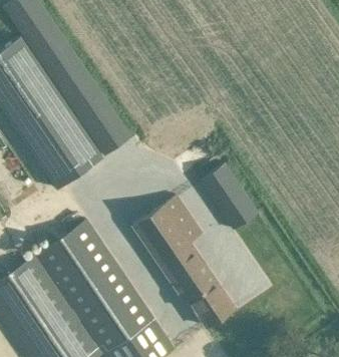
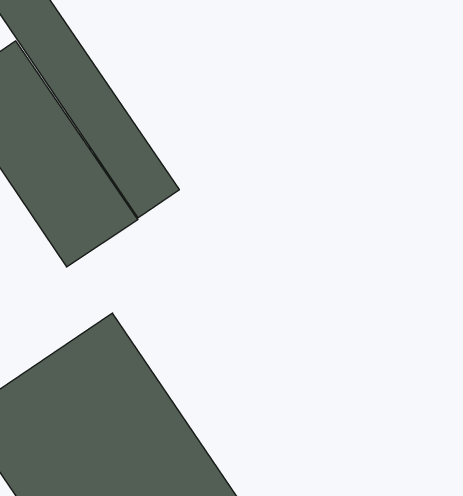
building: [199,161,260,230] -> none
building: [133,195,235,327] -> none

